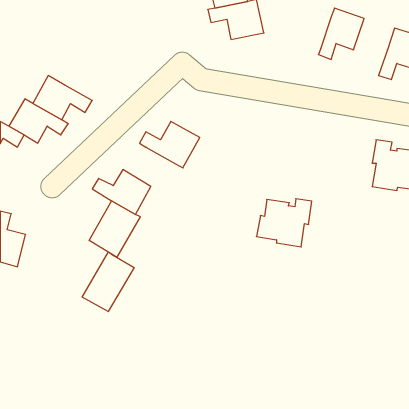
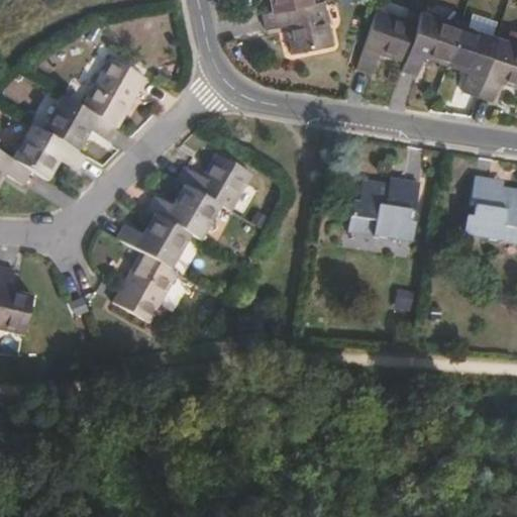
building: none -> [357,7,418,72]
building: none -> [446,23,498,95]
building: none -> [83,56,146,127]
building: none -> [147,185,222,240]
building: [256,199,312,247] -> [349,179,419,239]
building: [82,252,134,312] -> none

